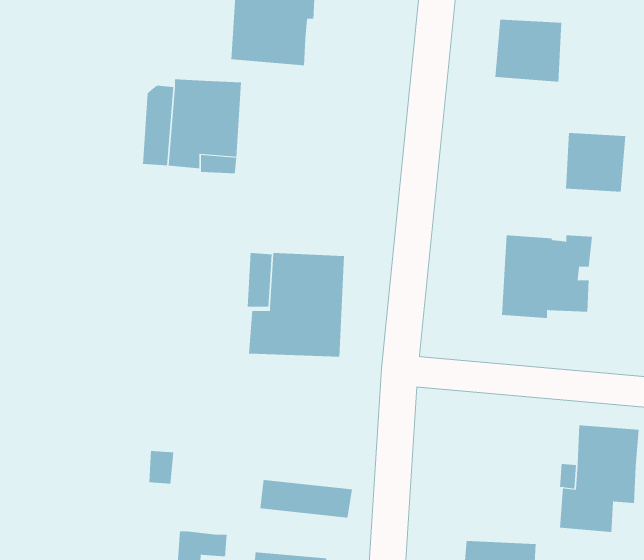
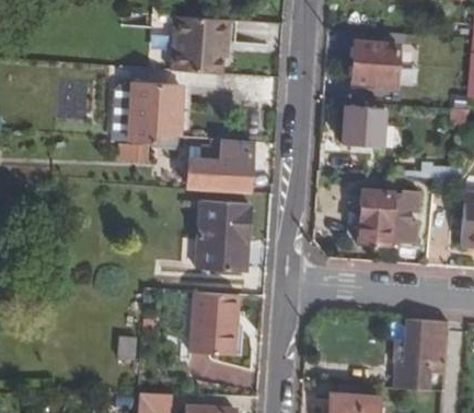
building: [565,132,626,192] -> [343,108,384,149]
building: none -> [187,140,252,192]
building: none -> [193,292,241,354]

